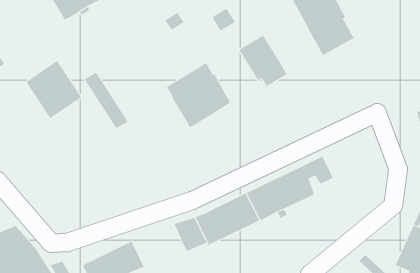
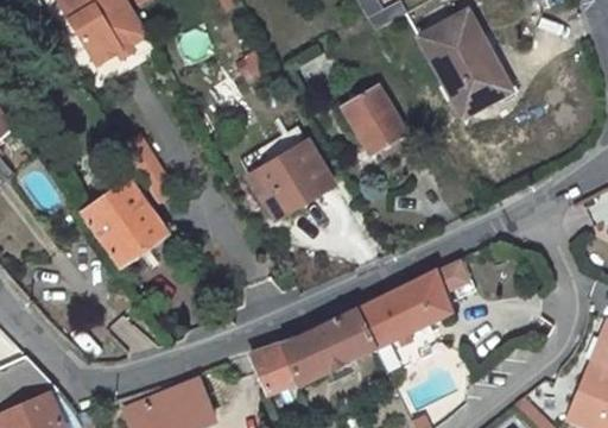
building: [26,60,82,119] -> [86,181,165,264]

